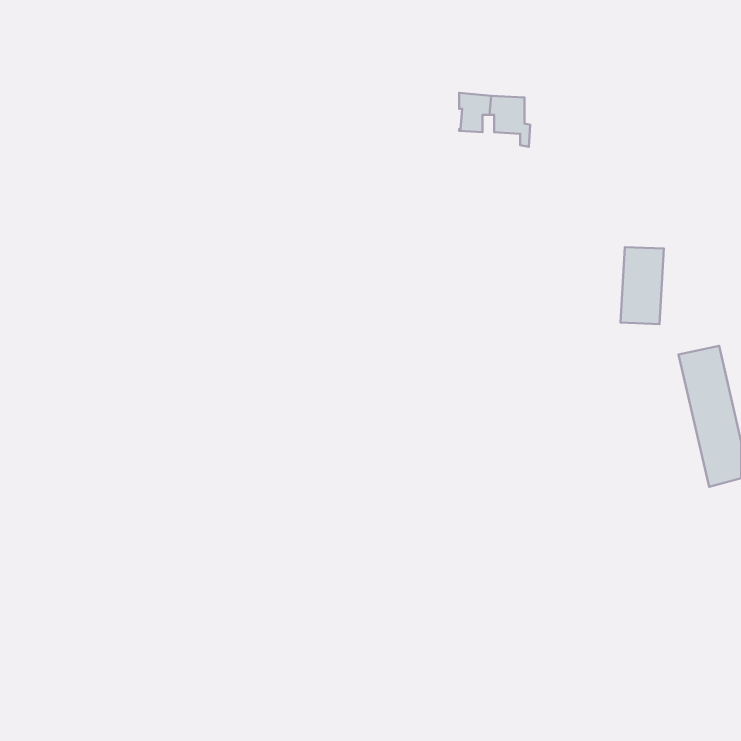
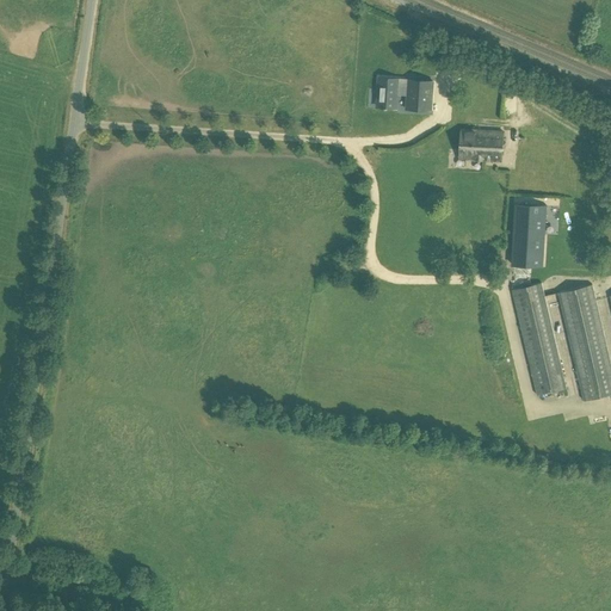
building: none -> [459,129,502,161]
building: none -> [511,282,566,395]

